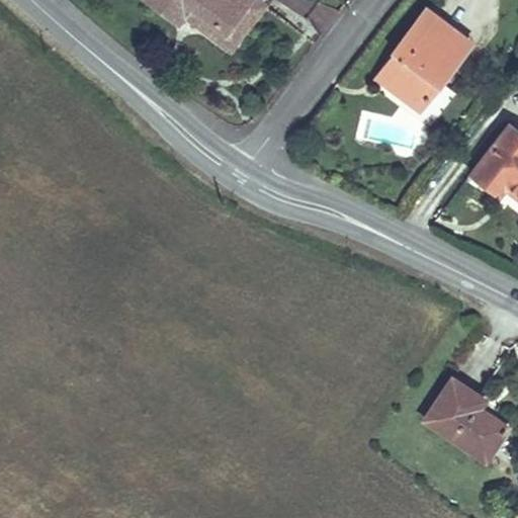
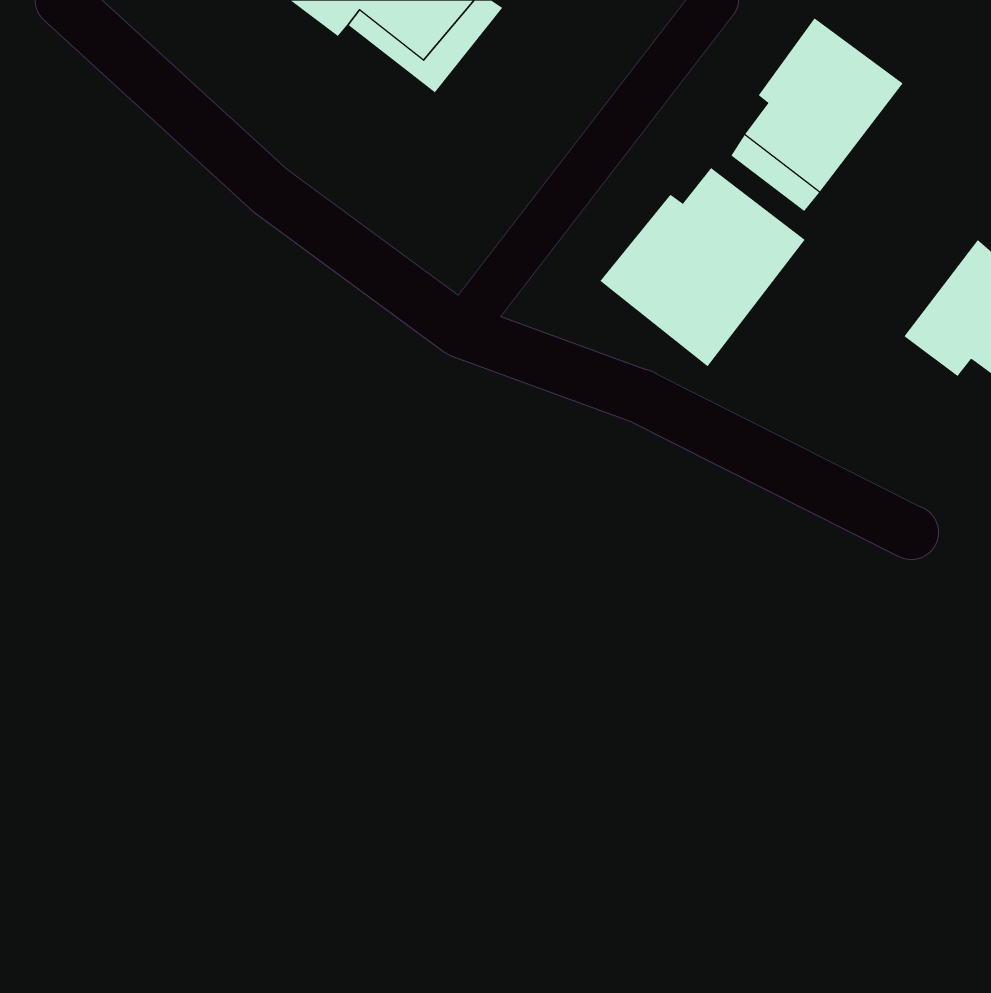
building: none -> [599,167,805,367]
building: [423,378,506,459] -> none

